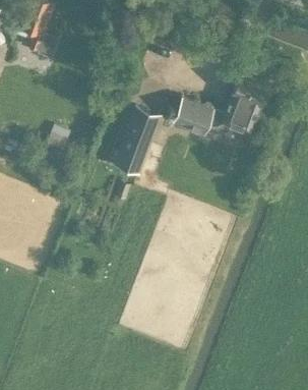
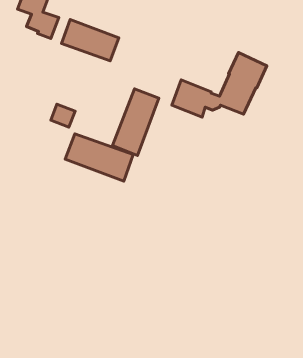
building: none -> [62,19,119,61]
building: none -> [65,134,133,181]

